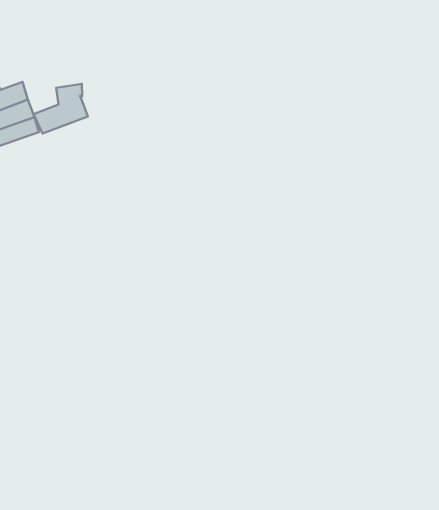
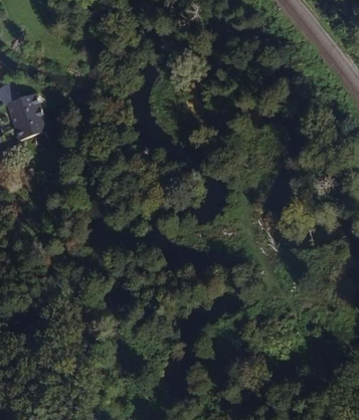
building: [34,84,88,134] -> none

